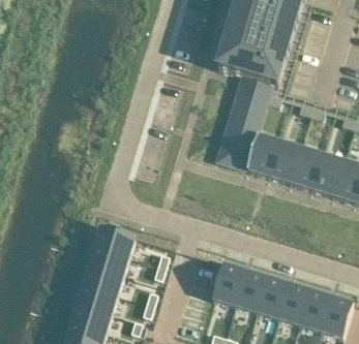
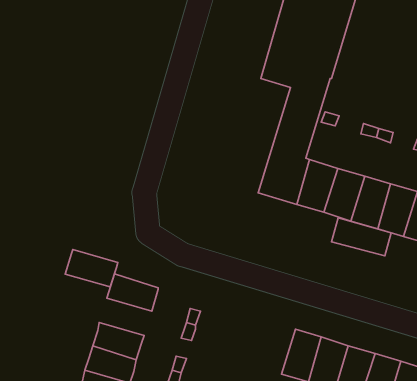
building: none -> [331,218,391,256]
building: [87,245,129,275] -> [65,250,118,287]
building: [212,263,245,306] -> none

